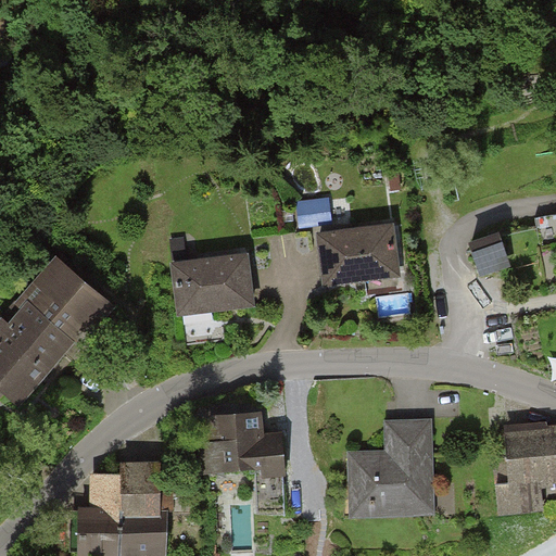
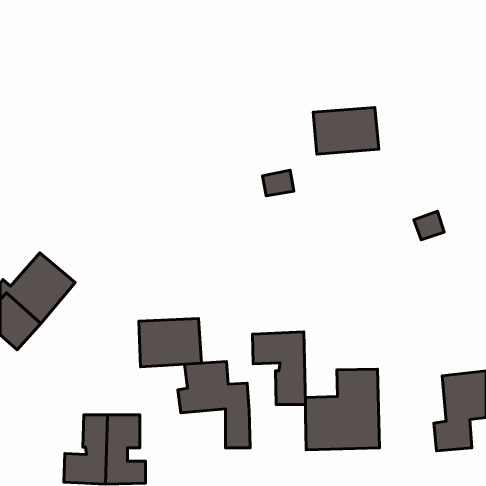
building: [321,228,396,281] -> [313,107,379,154]
building: [182,255,254,311] -> [139,318,201,367]
building: [46,268,103,323] -> none
building: none -> [252,332,305,404]

